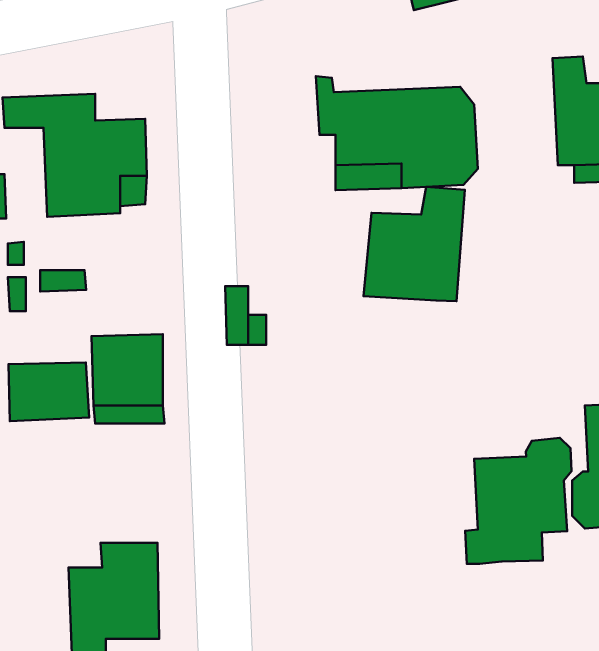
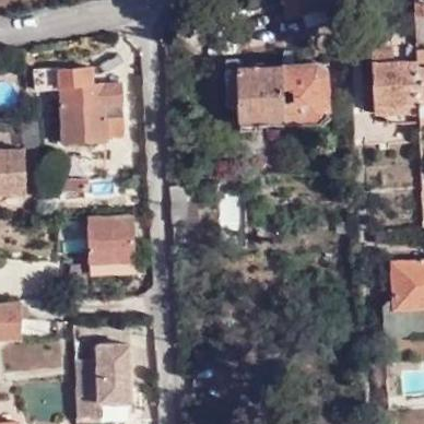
building: [363,187,465,301] -> none
building: [8,362,89,421] -> none
building: [465,438,571,564] -> none

